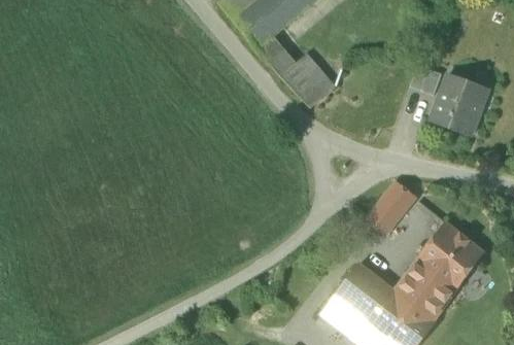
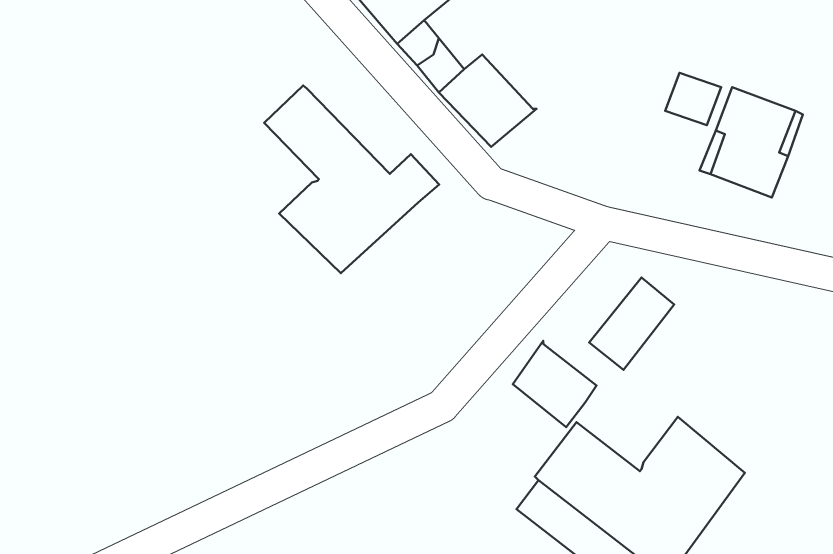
building: none -> [264,85,439,273]
building: none -> [513,341,596,427]
building: [416,221,483,292] -> none

